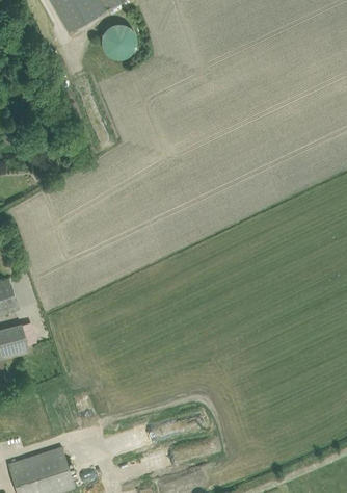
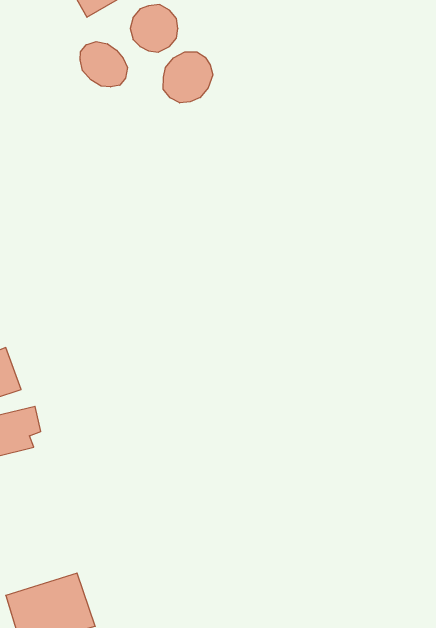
building: none -> [80,42,127,87]
building: none -> [163,52,213,103]

